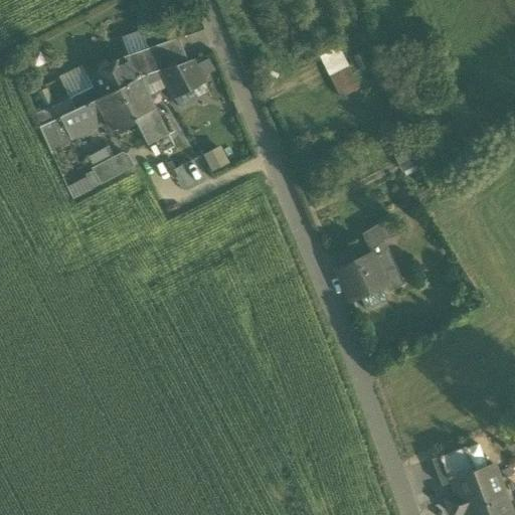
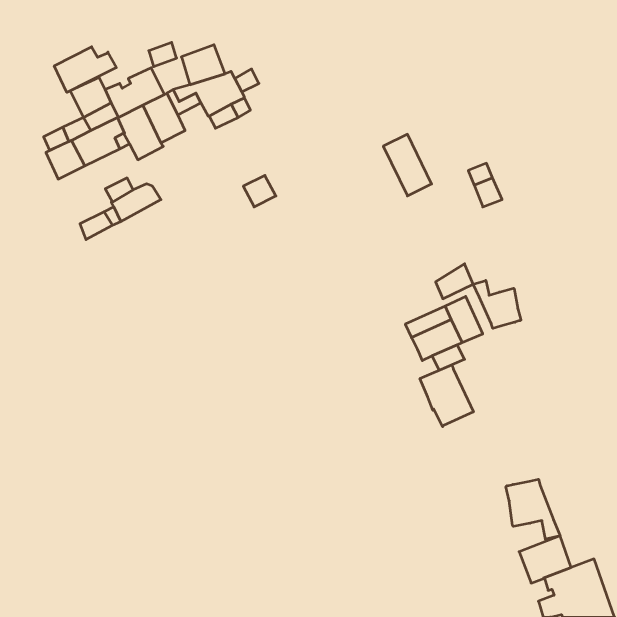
building: none -> [54,47,116,92]
building: [320,46,360,98] -> [383,134,432,196]
building: [127,47,159,78] -> none
building: [135,109,169,144] -> none
building: none -> [473,280,521,328]
building: none -> [420,365,473,427]
building: none -> [506,479,560,539]

